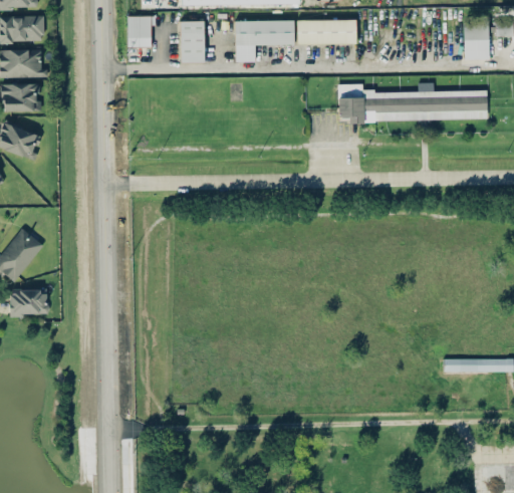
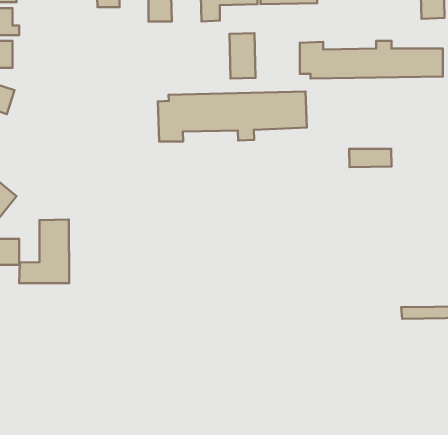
building: none -> [230,33,256,78]
building: none -> [158,91,307,142]
building: none -> [349,149,392,167]
building: none -> [19,220,69,283]

